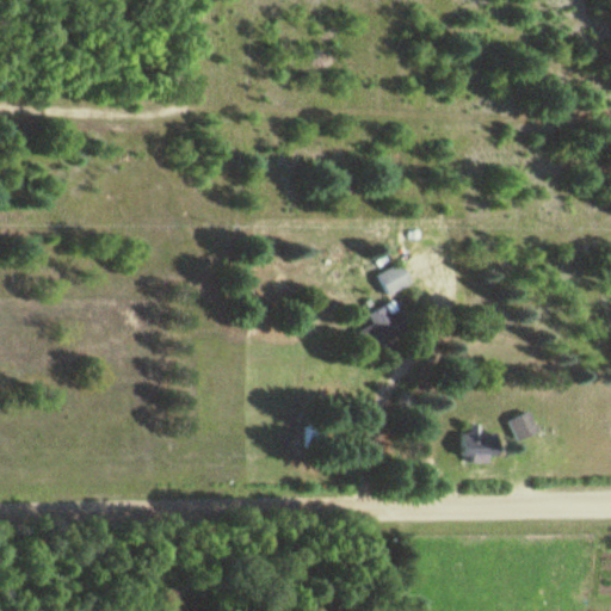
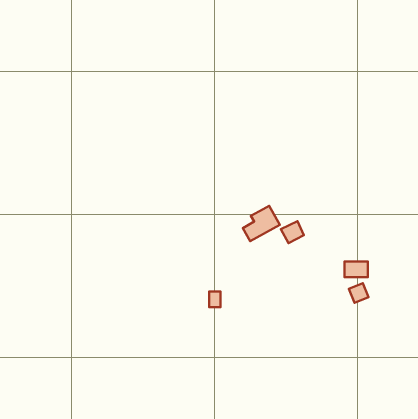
building: [377,263,411,295] -> [281,221,304,243]
building: [463,433,496,456] -> [345,262,368,277]

